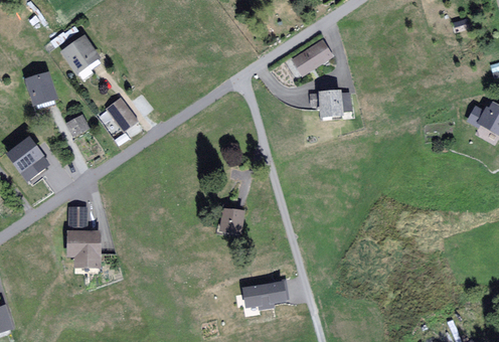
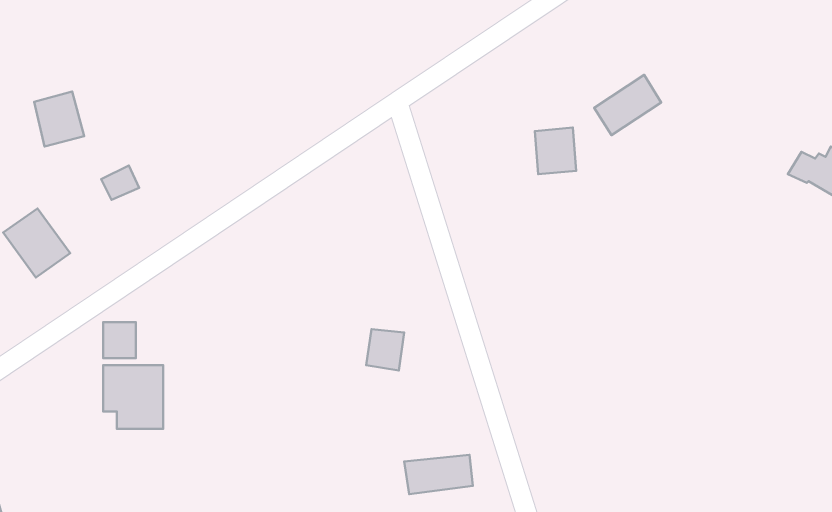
building: [63,36,100,72] -> none
building: [290,41,329,76] -> [594,75,661,135]
building: [106,99,136,131] -> none

